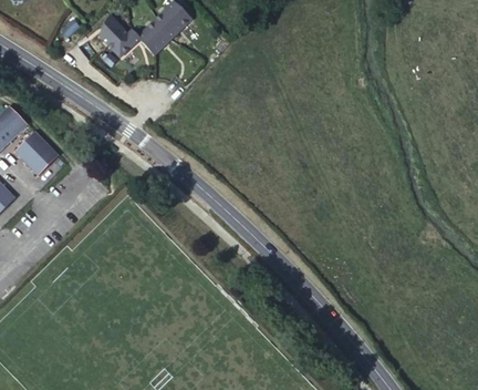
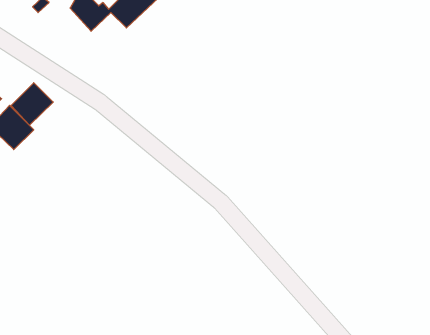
building: none -> [11,83,53,125]

